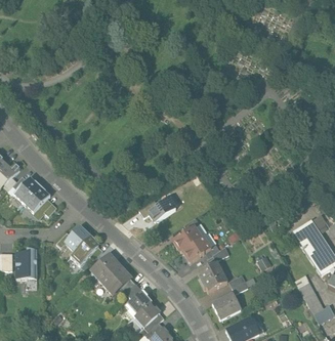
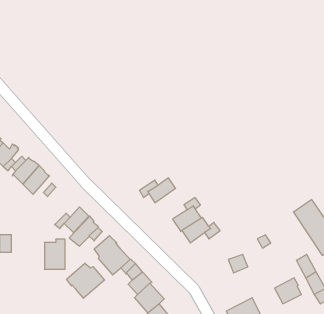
building: [15,250,36,280] -> [44,239,65,269]
building: [199,262,225,290] -> none
building: none -> [67,263,105,298]
building: [212,293,239,318] -> [275,278,301,304]

